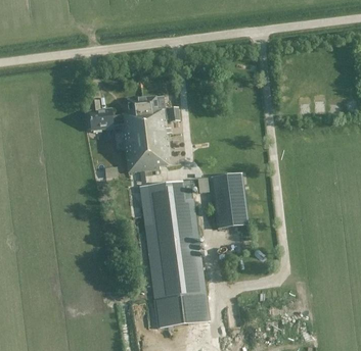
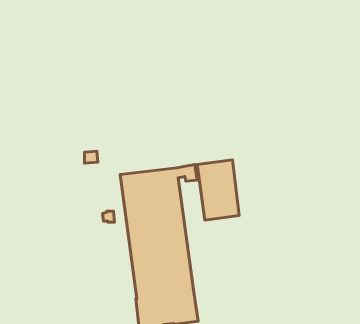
building: [90,95,179,171] -> none

